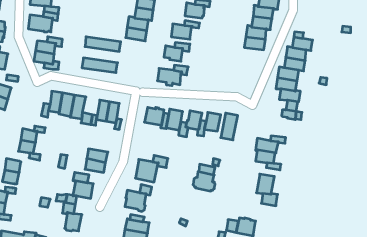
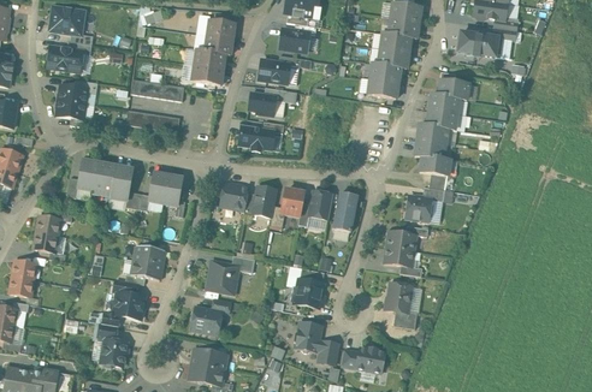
building: none -> [457,31,497,55]
building: none -> [405,195,431,220]
building: none -> [294,321,337,364]

